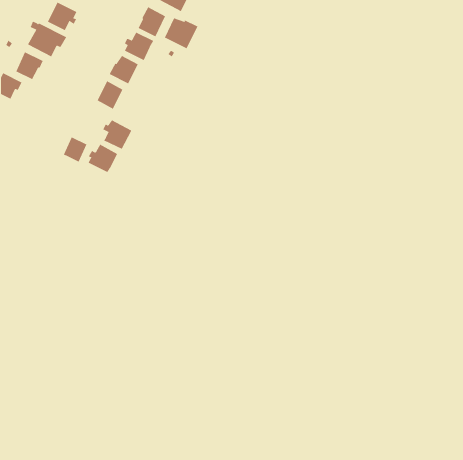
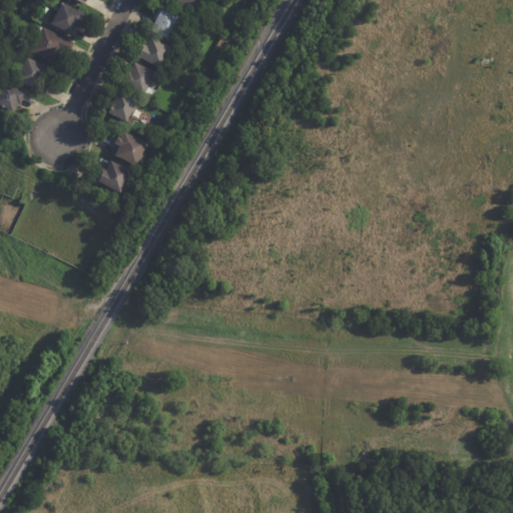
building: [164,17,198,49] -> none
building: [63,136,87,163] -> none

